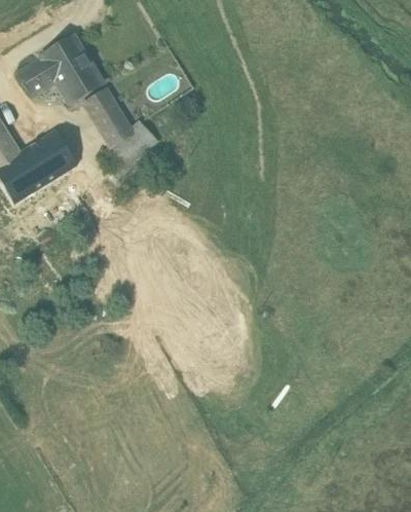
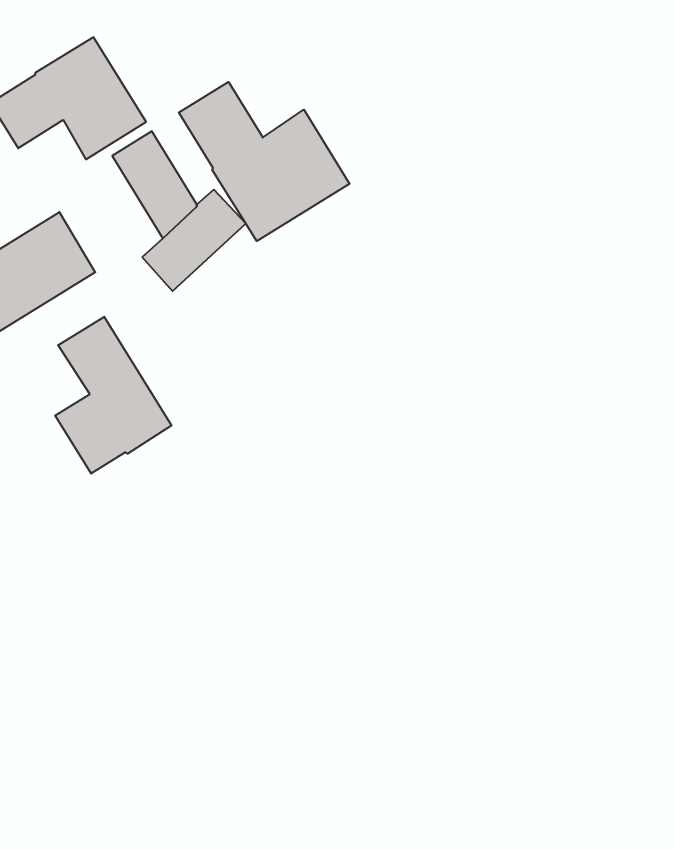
building: none -> [179,82,350,241]
building: none -> [55,317,171,474]

